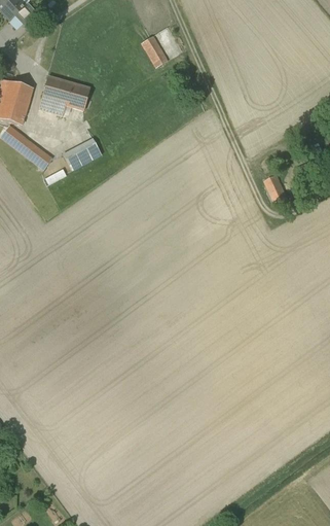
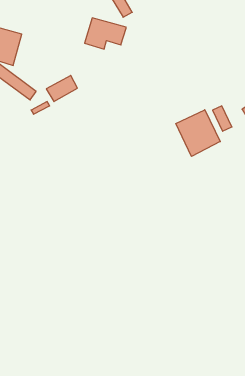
building: [39,76,89,114] -> [85,18,126,49]
building: none -> [176,110,220,156]

